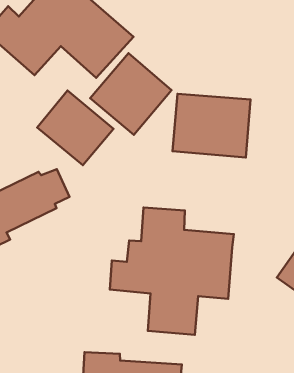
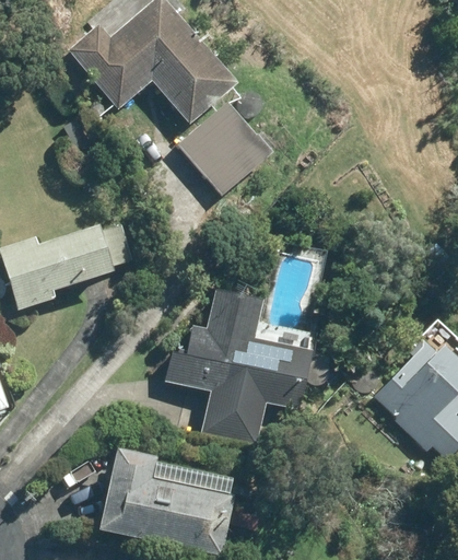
building: [37,90,113,165] -> none
building: [173,94,250,158] -> none

